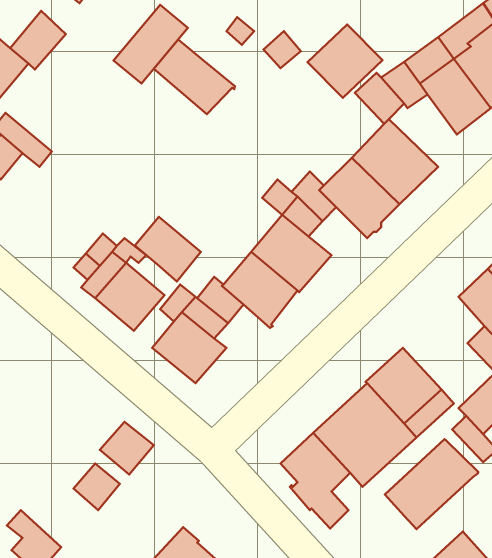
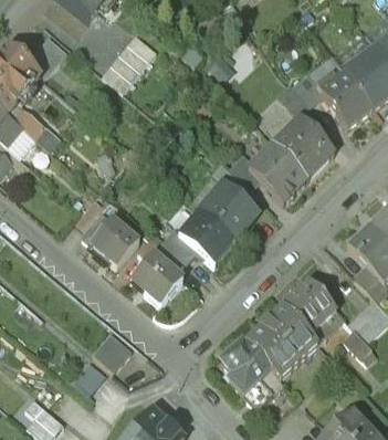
building: [308,24,382,98] -> none
building: [154,39,235,114] -> none
building: [135,217,201,282] -> none
building: [385,439,478,529] -> none

